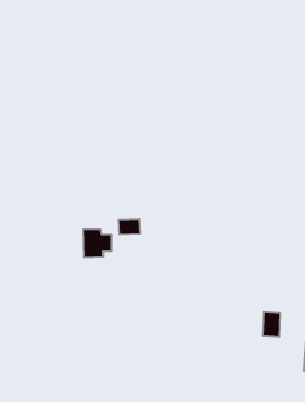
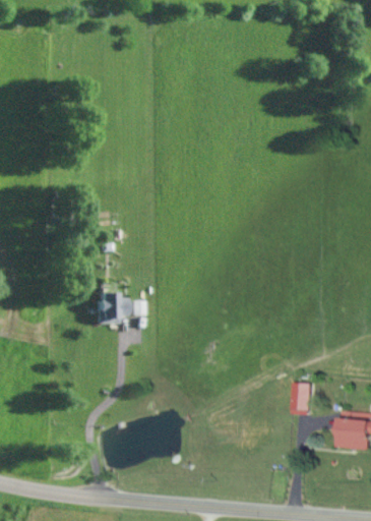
building: [119,219,140,235] -> none

